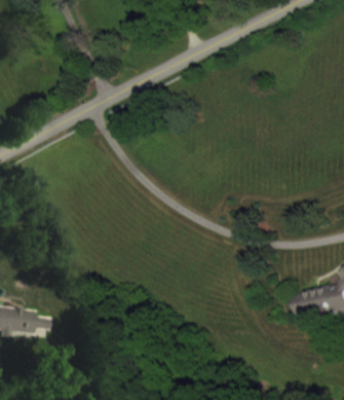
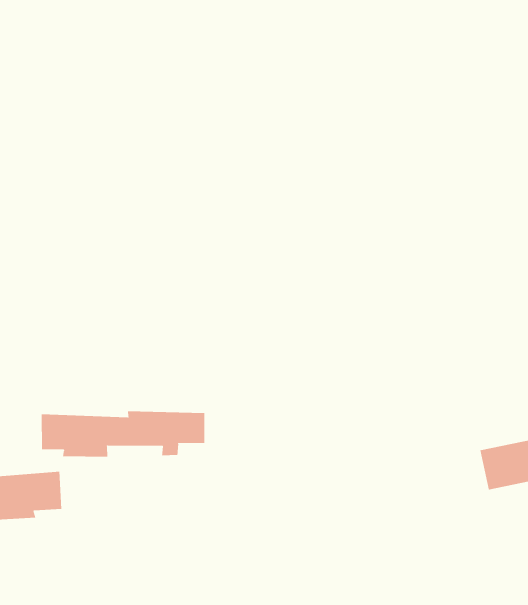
building: none -> [41,410,205,458]

